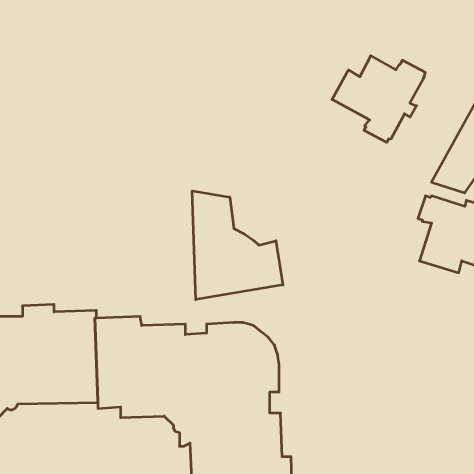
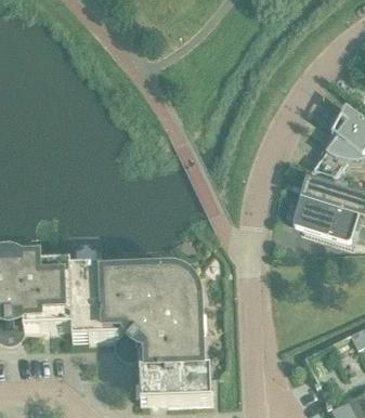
building: [332,56,425,142] -> none
building: [192,191,283,300] -> none

